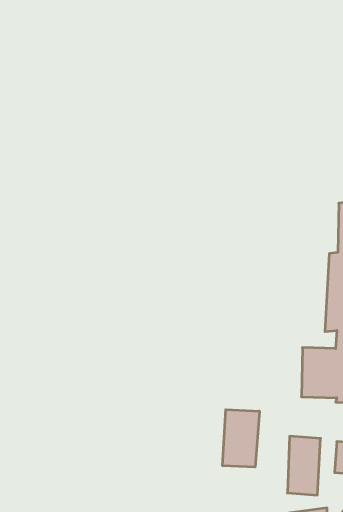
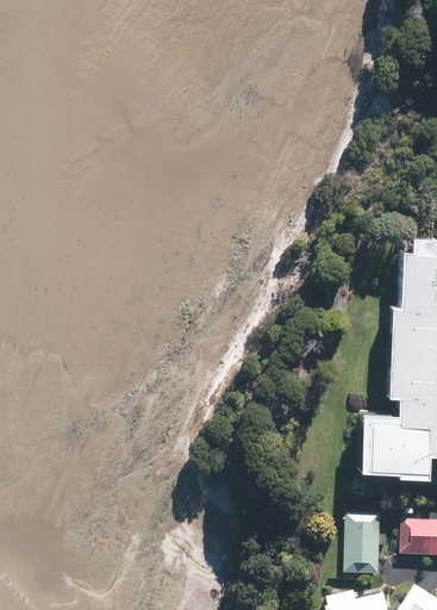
building: [223,410,259,467] -> none

